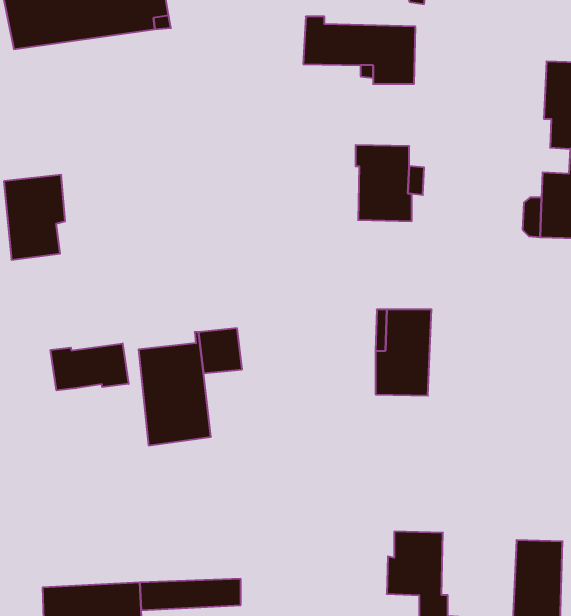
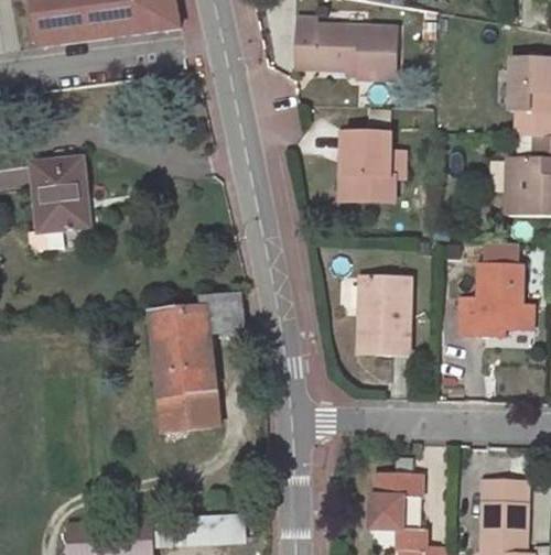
building: none -> [460,263,527,335]
building: [51,343,129,390] -> none
building: none -> [160,389,219,431]

